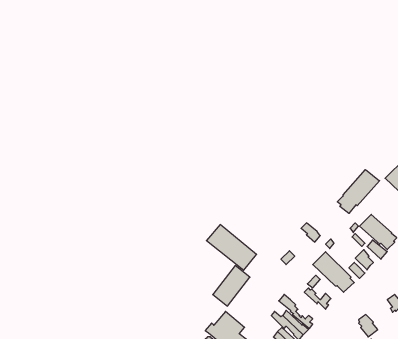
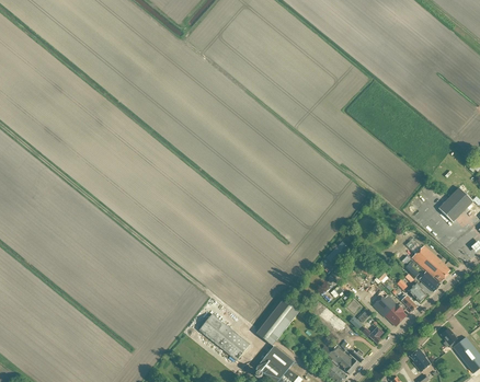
building: [337,170,380,213] -> none
building: [206,225,257,270] -> [198,313,250,360]

